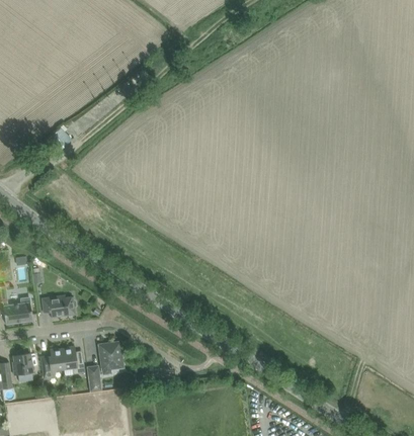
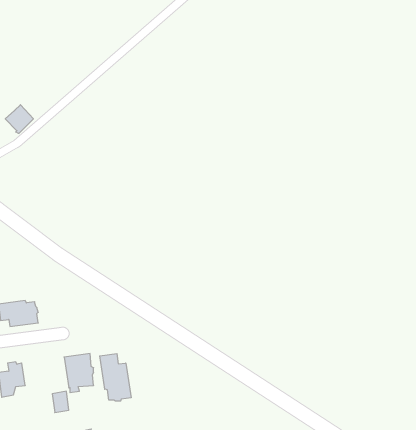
building: none -> [100,354,131,401]
building: [62,346,85,374] -> none

